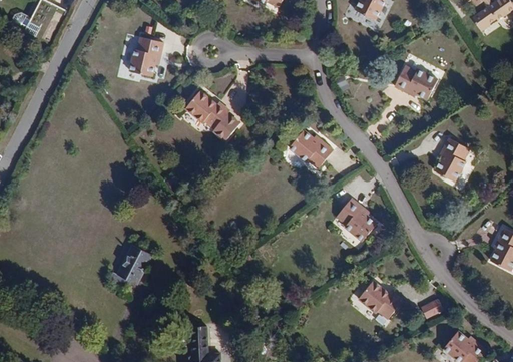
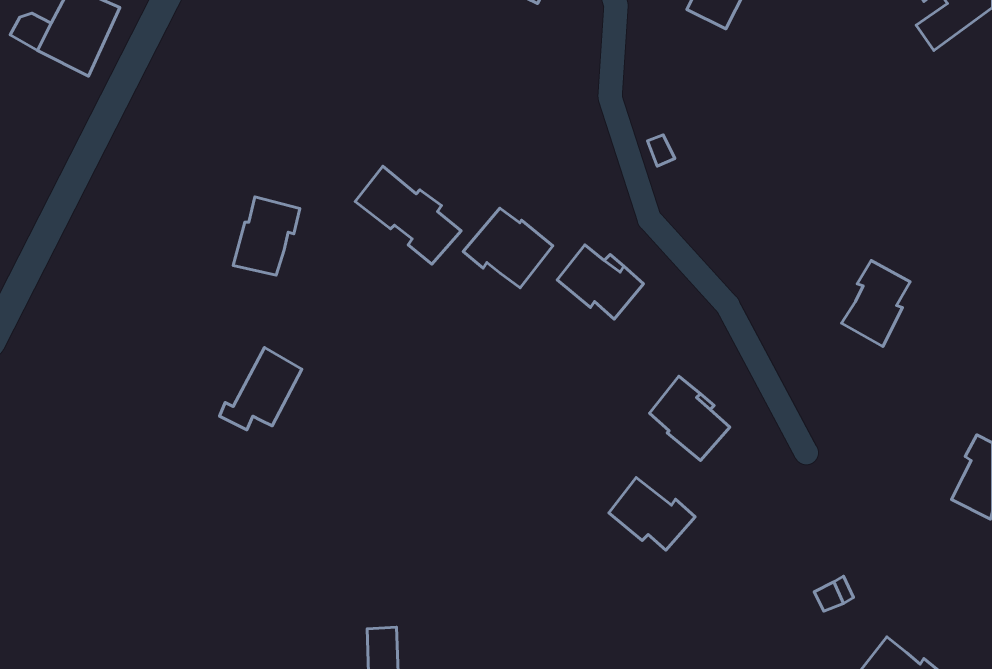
building: [129,36,163,76] -> [233,197,300,275]
building: [394,65,437,99] -> none
building: none -> [463,208,553,288]
building: [109,244,151,286] -> [219,348,302,430]
building: [358,281,402,318] -> [609,478,695,550]

